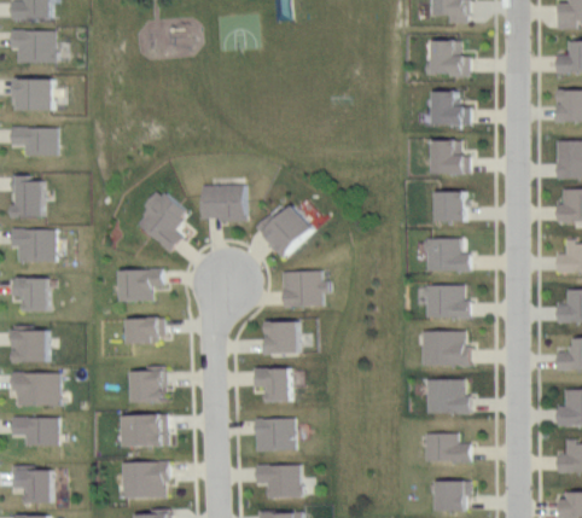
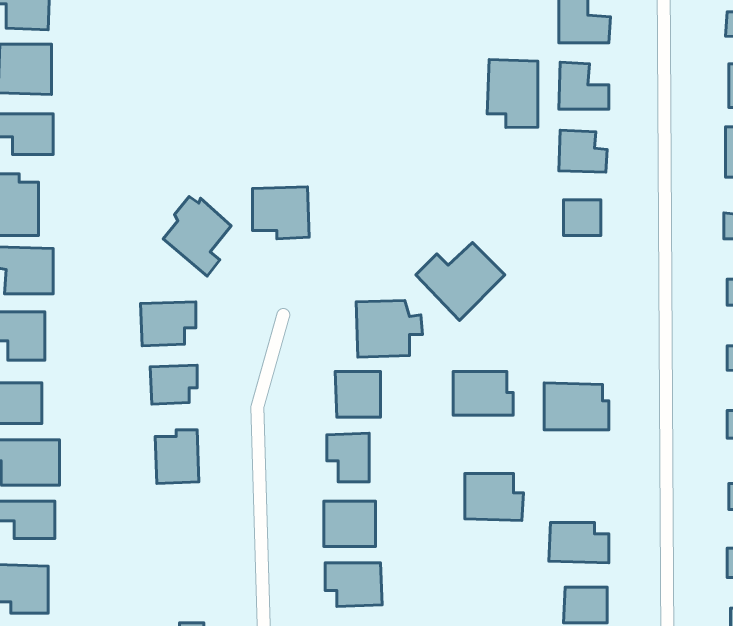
building: none -> [487,59,538,127]
building: [252,204,319,262] -> [416,243,505,320]
building: [427,237,468,272] -> none
building: [424,285,468,318] -> [453,371,513,415]
building: [425,378,468,413] -> [465,473,523,520]
building: [121,415,165,444] -> none
building: [120,459,170,497] -> none

